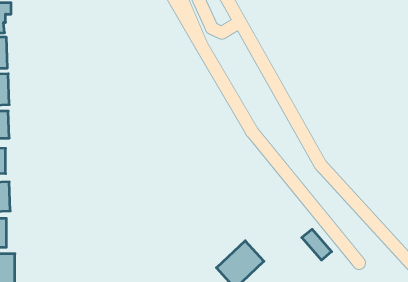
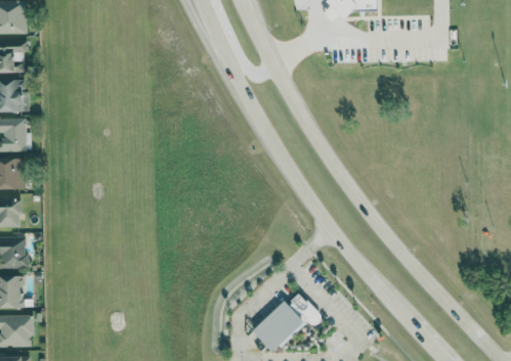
building: [302,229,332,260] -> [289,295,322,328]

